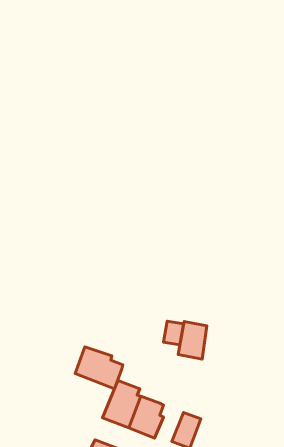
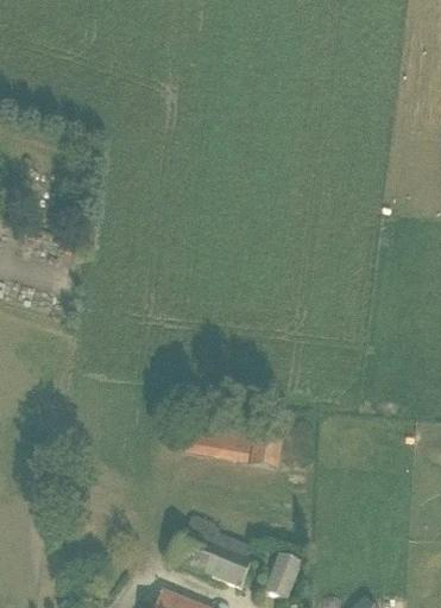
building: [178,322,207,359] -> none
building: [75,347,123,389] -> none

